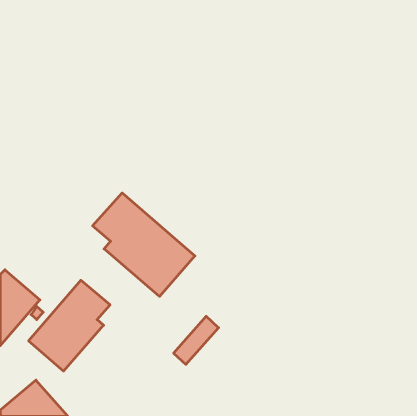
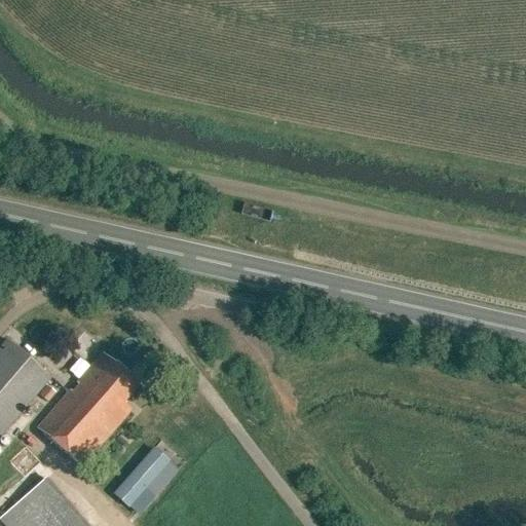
building: [93,193,195,296] -> none
building: [174,316,219,364] -> [112,448,168,509]

